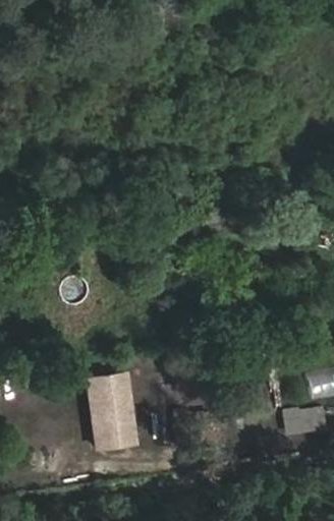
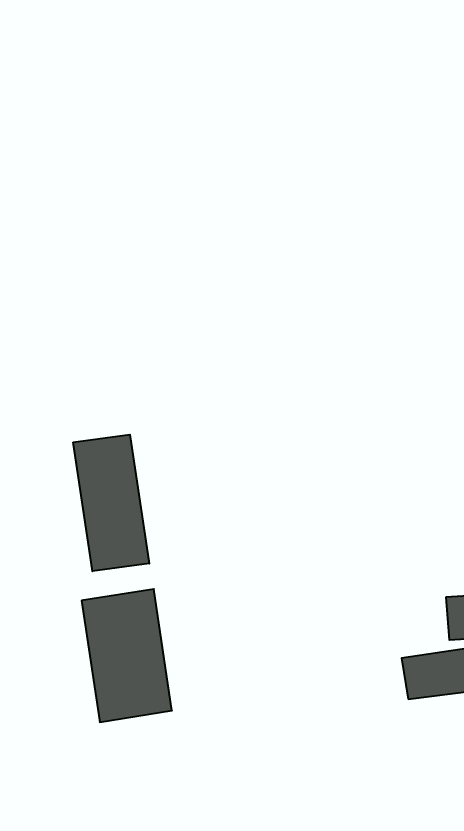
building: none -> [73,435,149,571]

